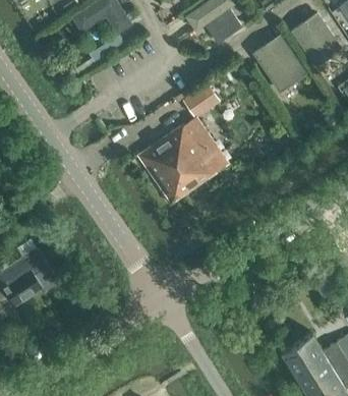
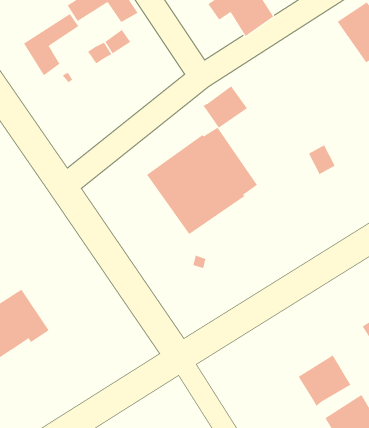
building: none -> [23,13,79,76]
building: [253,36,304,91] -> none
building: none -> [298,355,351,407]

